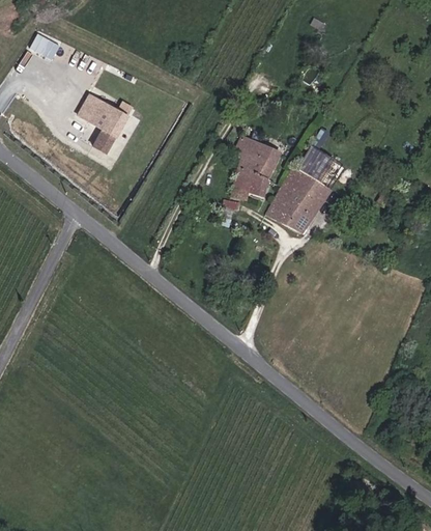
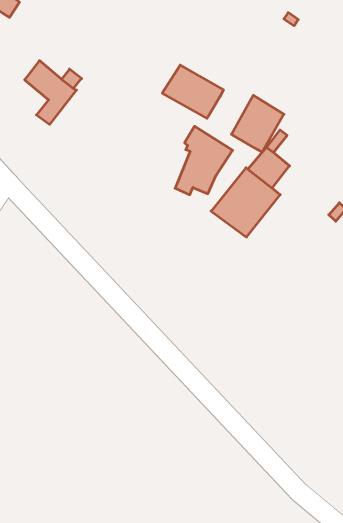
building: none -> [162,65,223,118]
building: none -> [231,95,284,152]

